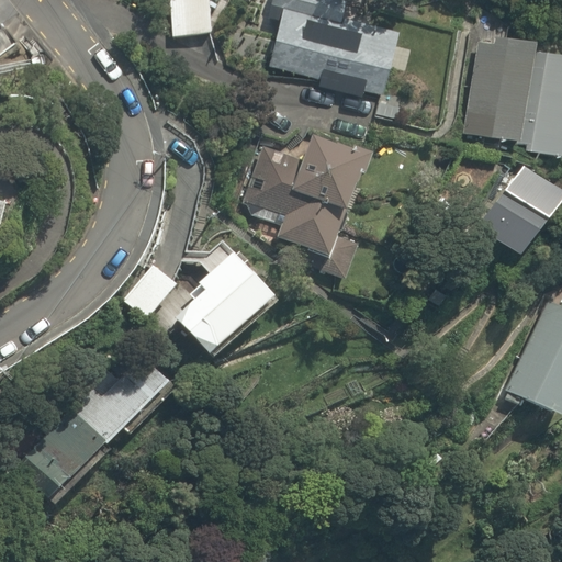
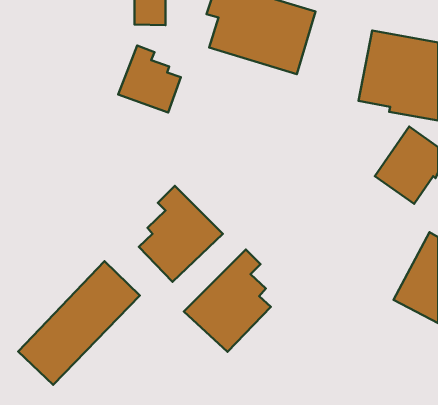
building: none -> [118,45,181,113]
building: [243,133,395,277] -> none
building: none -> [184,250,271,352]

